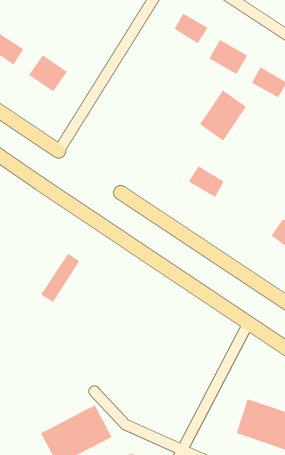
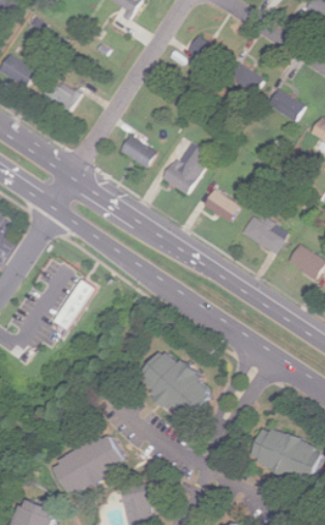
building: [199,90,247,141] -> [162,141,211,194]
building: none -> [119,134,157,167]
building: none -> [240,212,286,252]
building: none -> [138,347,210,419]

